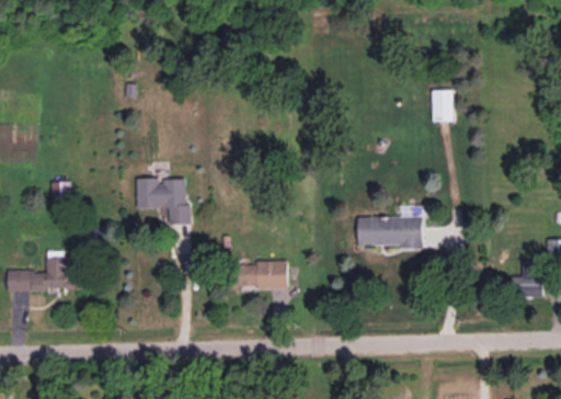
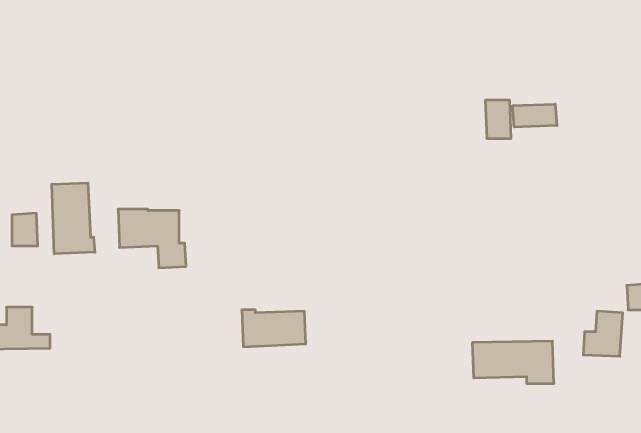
building: none -> [513,104,557,127]
building: none -> [52,183,95,254]
building: [357,217,423,251] -> [472,341,554,383]

